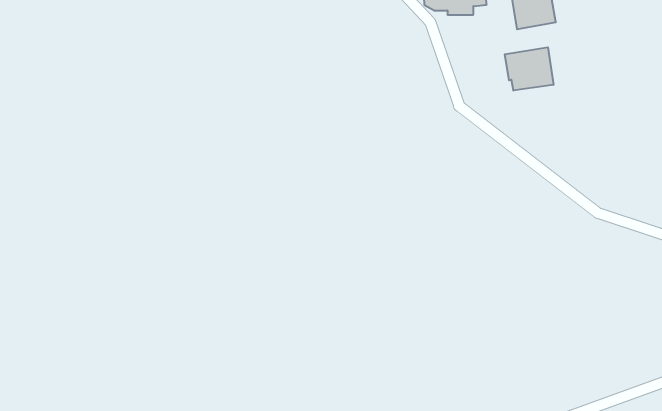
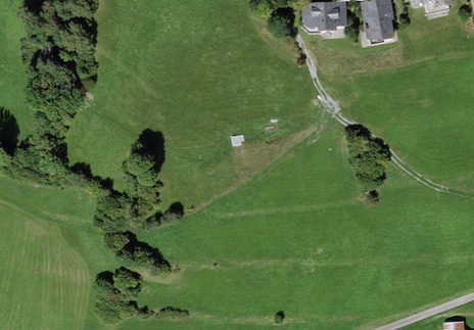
building: [505,47,553,91] -> none

